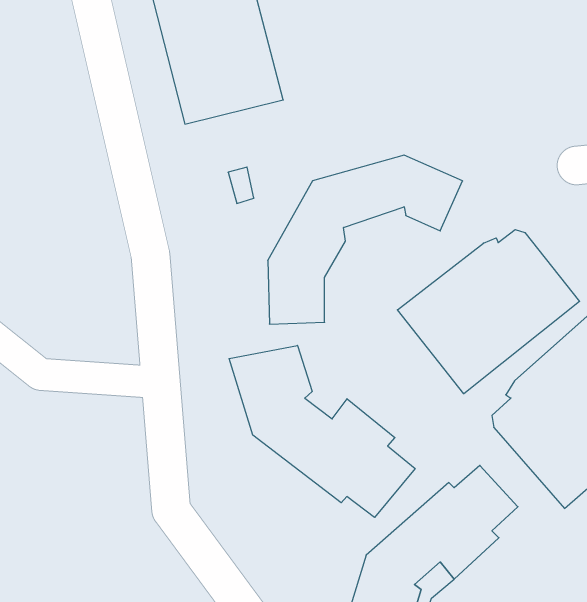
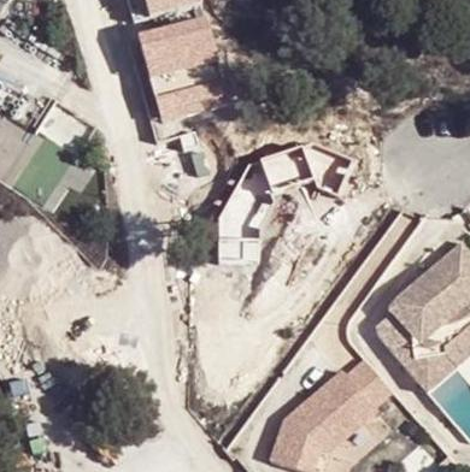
building: [397,230,580,394] -> none
building: [229,345,415,517] -> none

